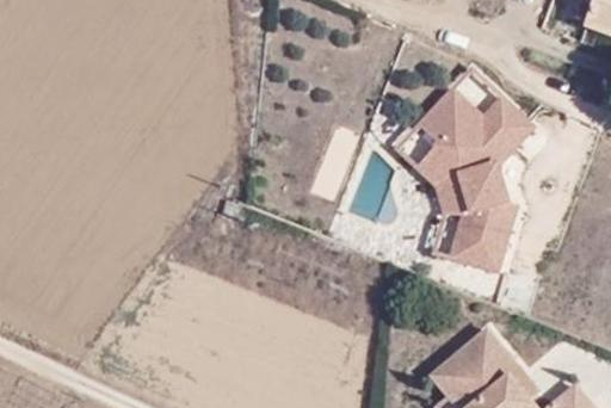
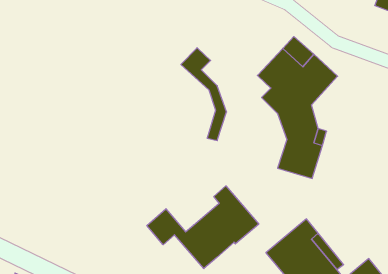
building: [395,125,459,256] -> [181,48,227,141]
building: none -> [147,186,259,269]

